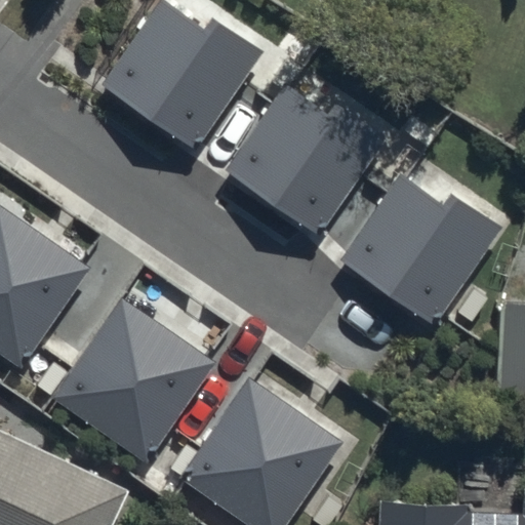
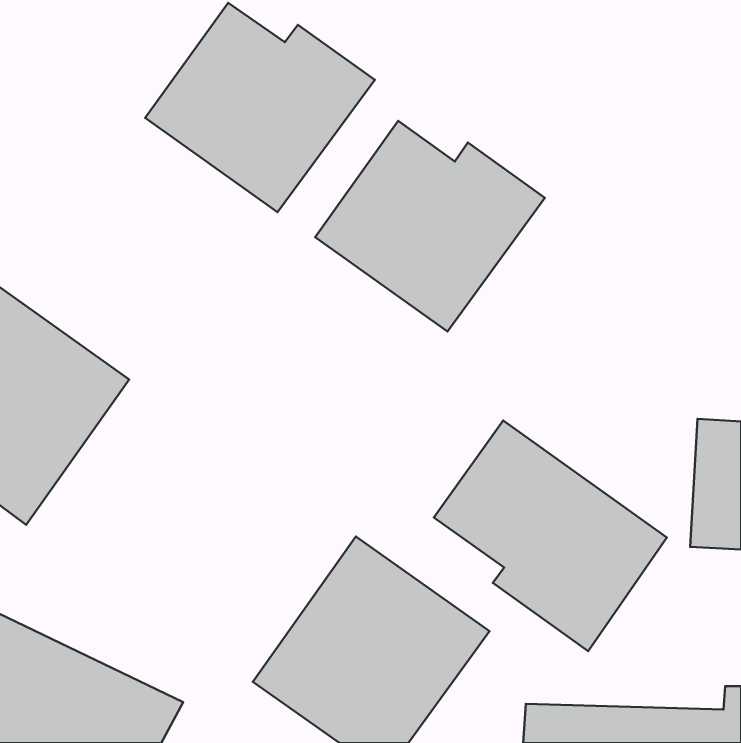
building: [342,176,503,325] -> none
building: none -> [434,421,667,651]
building: [51,297,215,461] -> none

